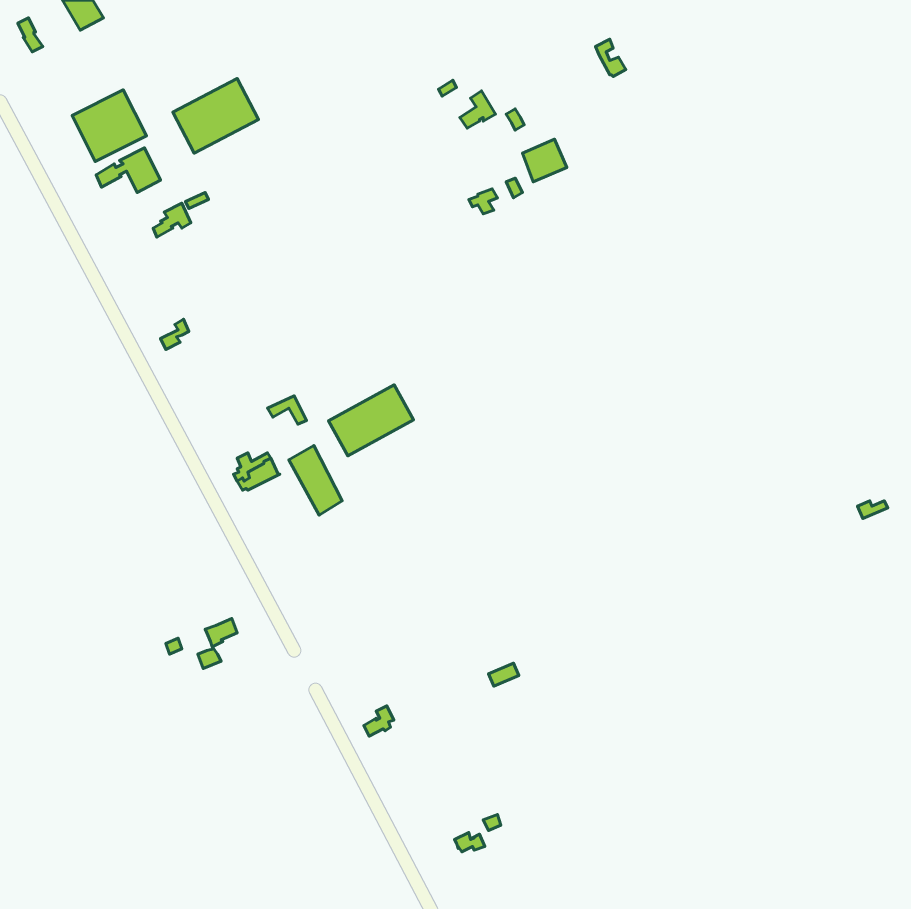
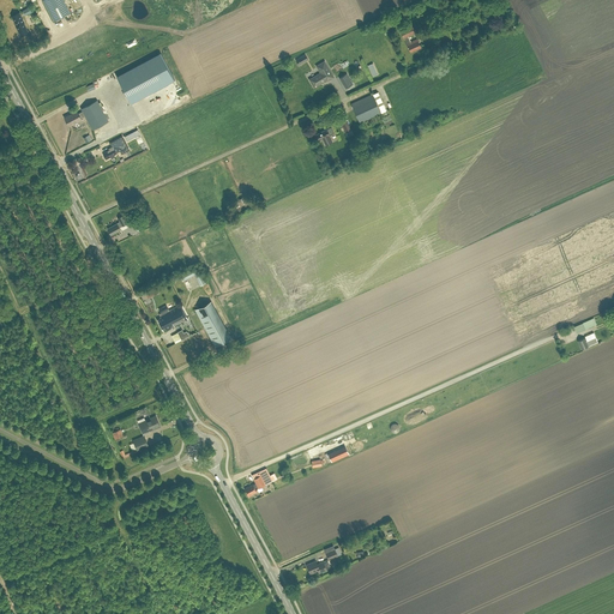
building: [72,90,147,162] -> none
building: [328,385,414,456] -> none

